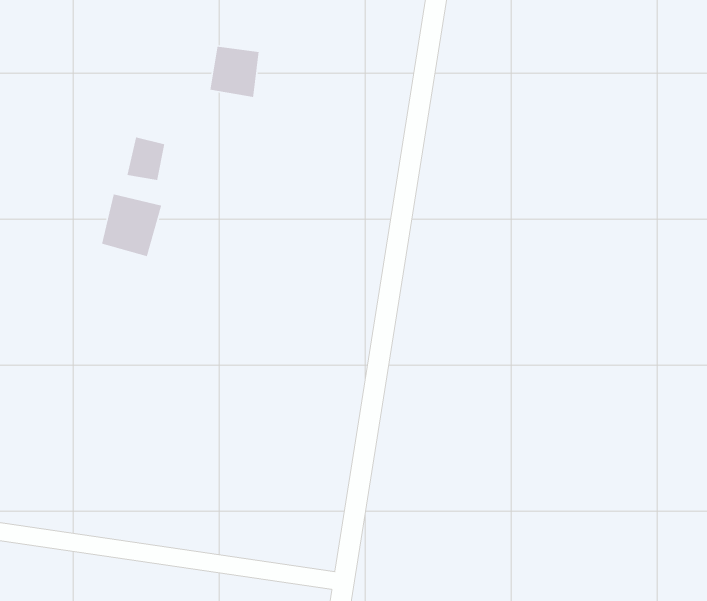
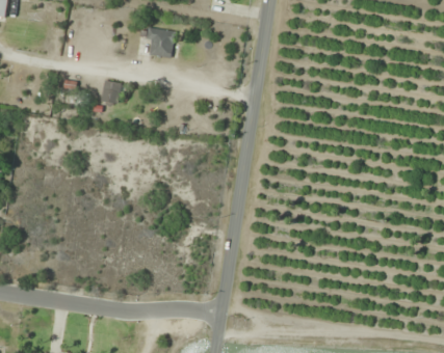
building: [101,194,162,257] -> none

